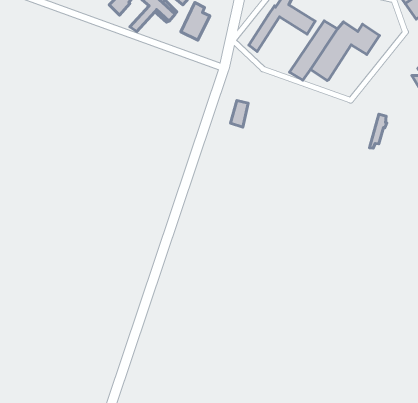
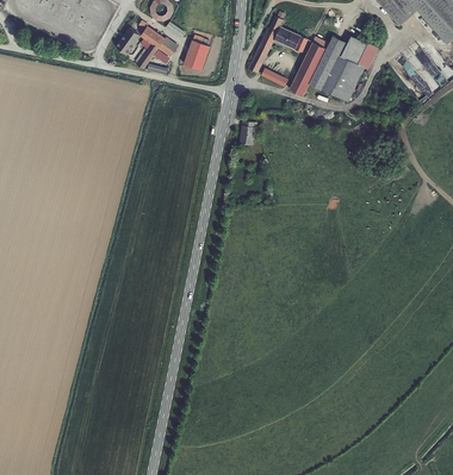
building: none -> [325,56,364,101]

